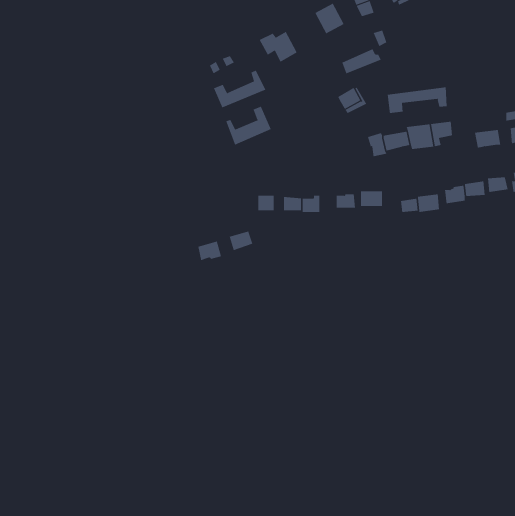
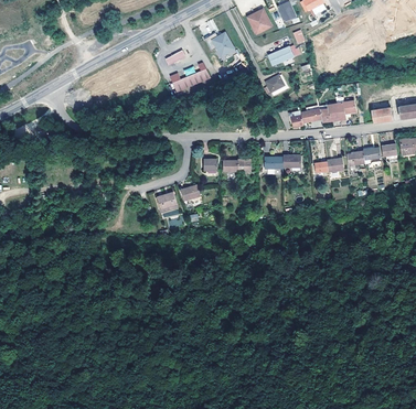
building: [387,87,447,114] -> none
building: [226,106,271,146] -> none

